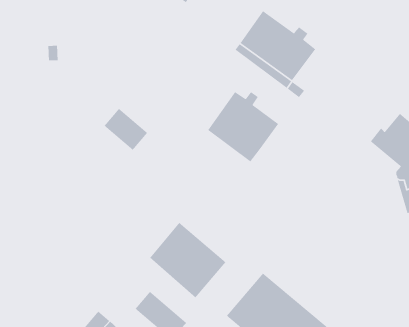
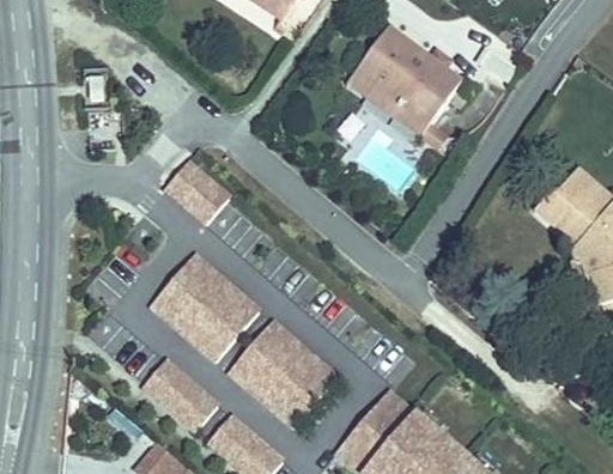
building: [207,91,279,162] -> none
building: none -> [152,254,260,359]
building: none -> [144,359,218,430]

